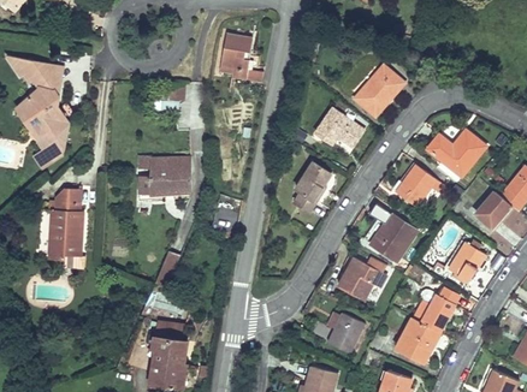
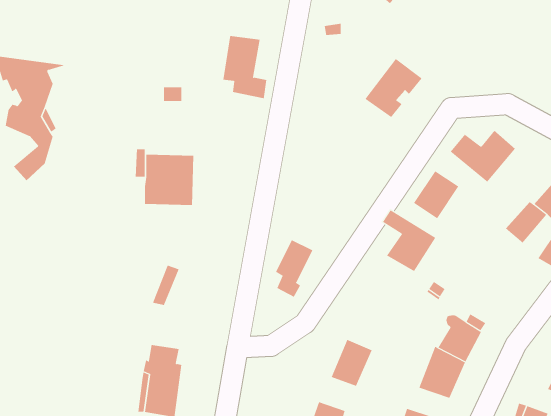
building: [310,108,361,147] -> none
building: [296,161,330,213] -> [275,239,313,298]
building: [54,183,90,254] -> none
building: [445,243,484,284] -> none
building: [334,251,383,293] -> none

